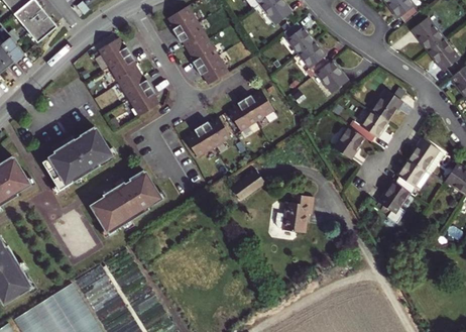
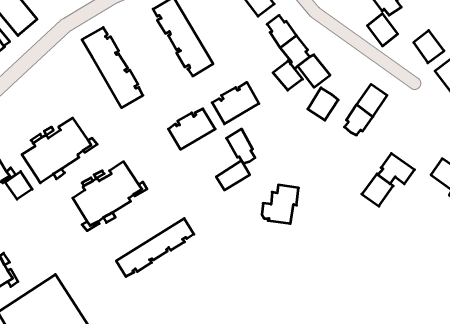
building: [414,18,444,50] -> [367,14,398,46]
building: none -> [273,61,303,90]
building: [336,127,366,159] -> [308,88,338,120]
building: none -> [226,129,255,164]
building: [406,140,444,177] -> none
building: none -> [5,171,32,199]
building: none -> [116,218,194,277]

